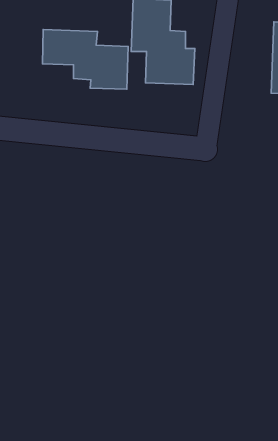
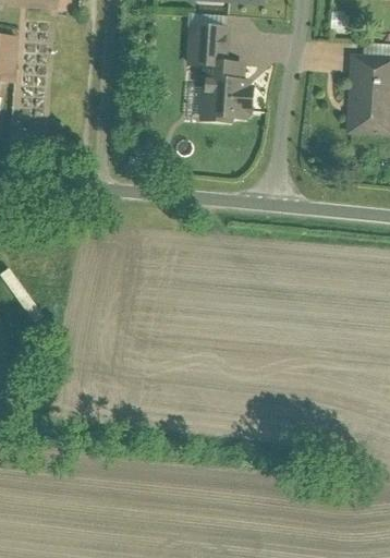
building: [43,30,128,89] -> none

